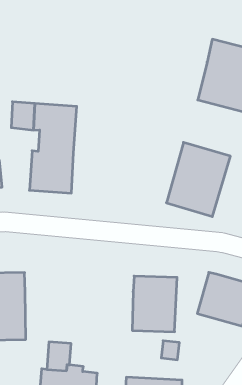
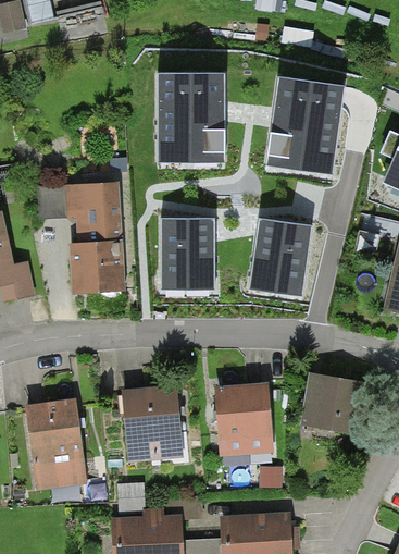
building: none -> [157,77,219,157]
building: none -> [155,208,217,288]
building: none -> [121,385,182,461]

